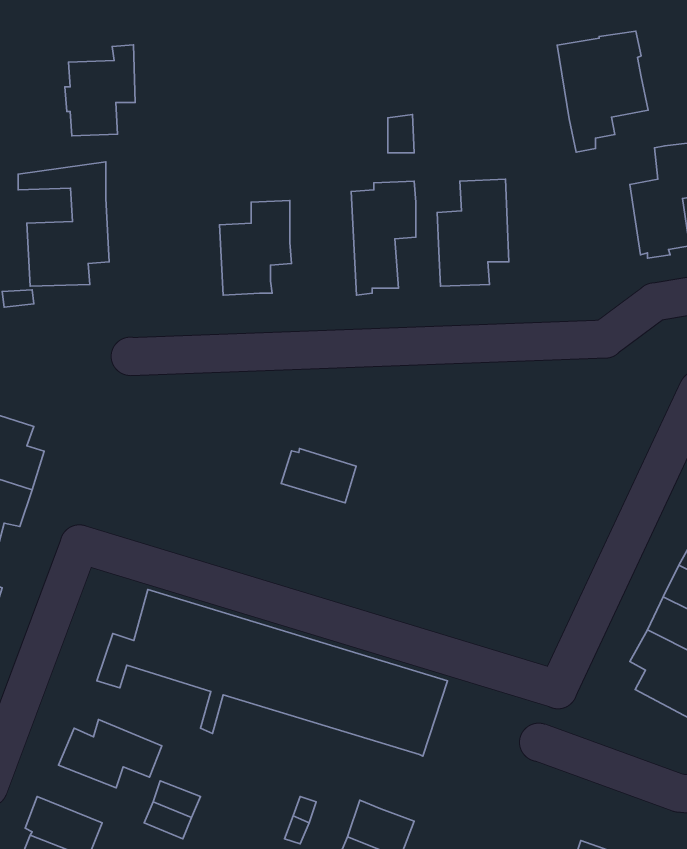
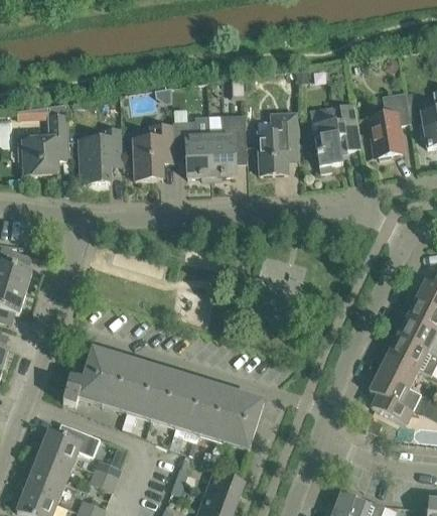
building: [557,31,648,152] -> [309,103,361,172]
building: [65,45,135,136] -> [79,130,119,182]
building: none -> [172,117,211,180]
building: [281,448,356,503] -> none
building: none -> [28,450,74,484]

